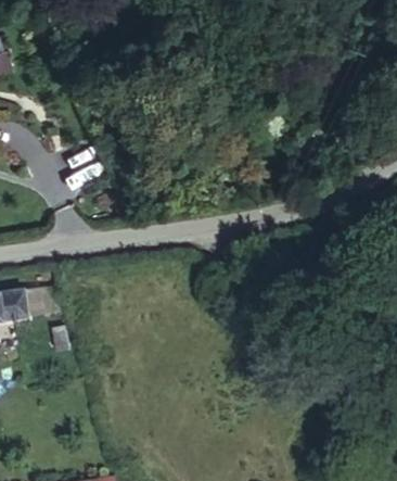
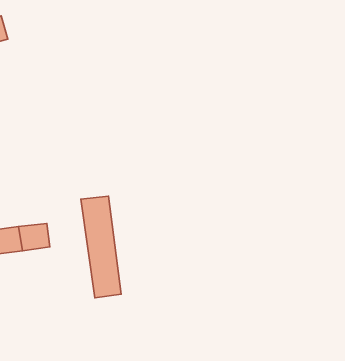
building: none -> [81,196,121,298]

